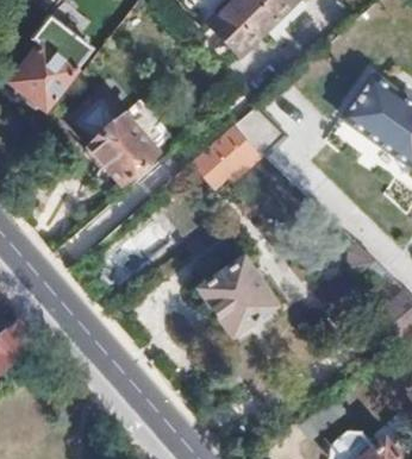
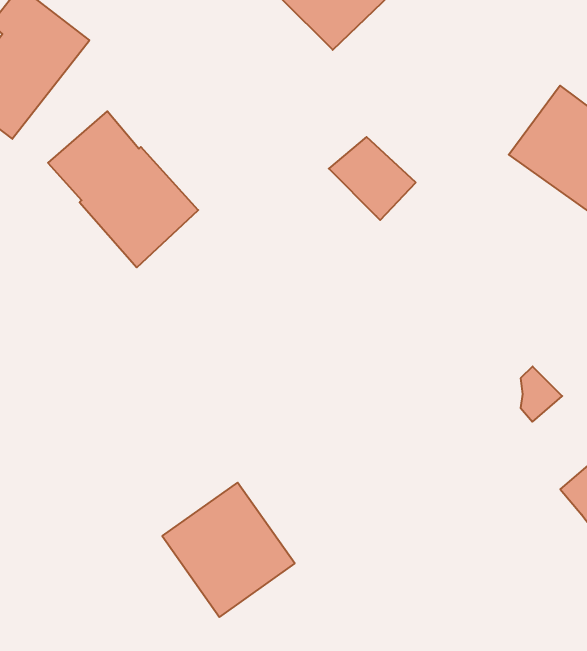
building: [195,125,264,184] -> none
building: [198,254,277,335] -> [162,483,295,617]

